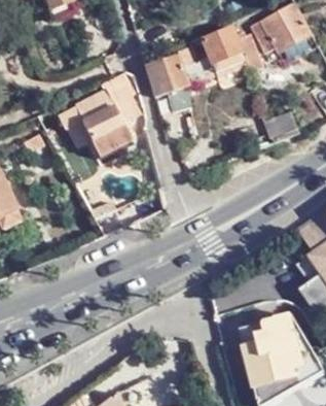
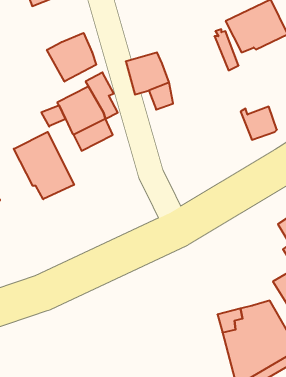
building: [202,27,239,64] -> none
building: none -> [47,33,96,82]
building: none -> [14,132,74,199]

